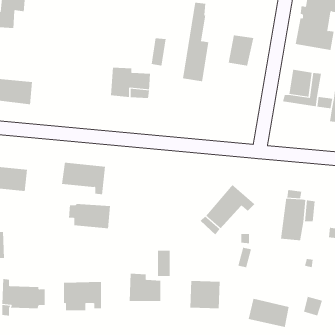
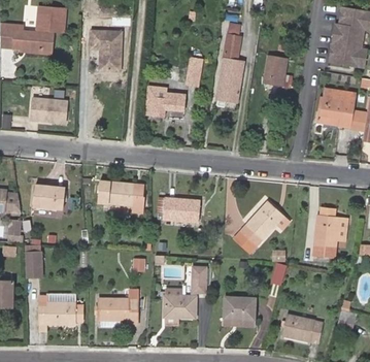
building: none -> [90,30,121,70]
building: [68,204,111,229] -> [158,198,200,223]

